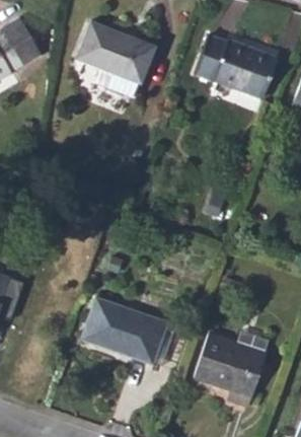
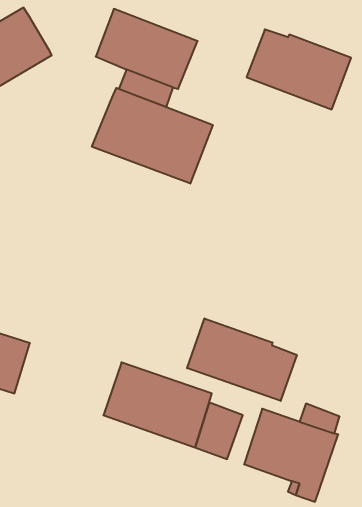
building: none -> [92,88,213,184]
building: none -> [187,318,297,401]

